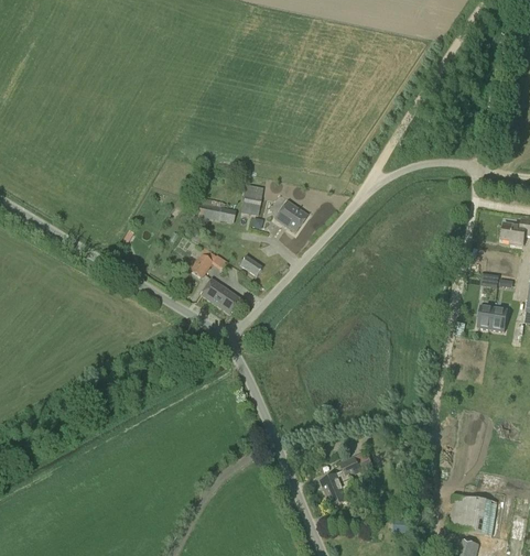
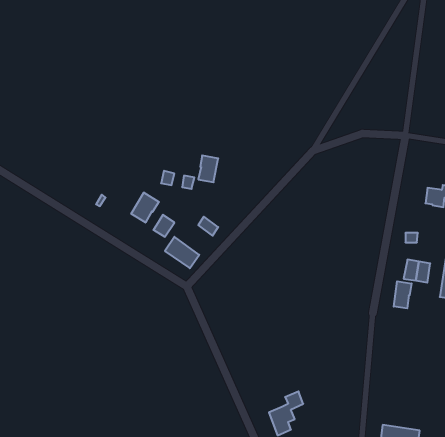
building: [275,200,307,232] -> none
building: none -> [131,192,159,223]
building: none -> [394,281,412,308]

